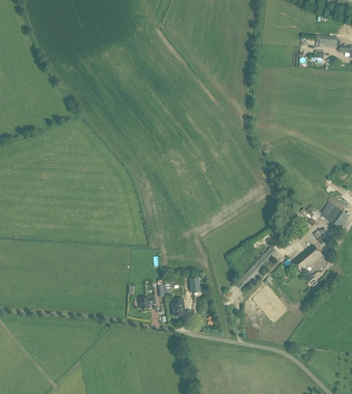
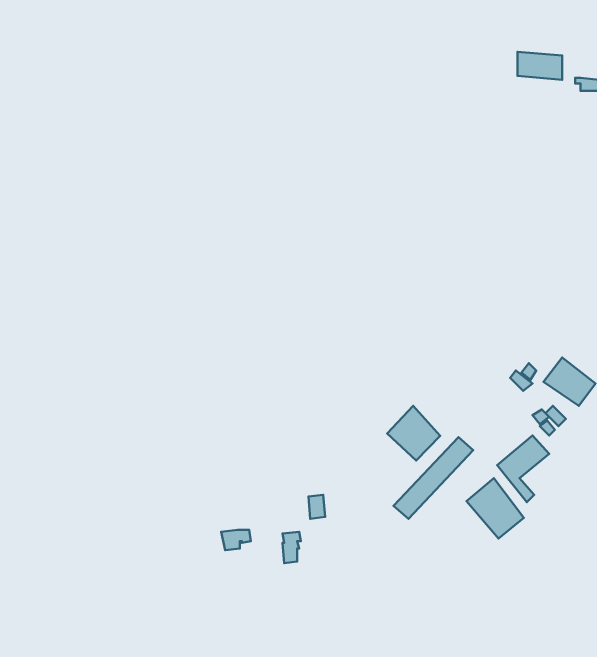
building: none -> [387,406,440,461]
building: none -> [467,478,524,539]

